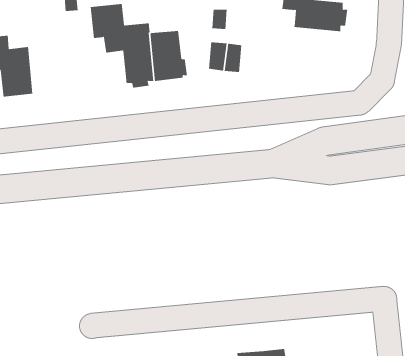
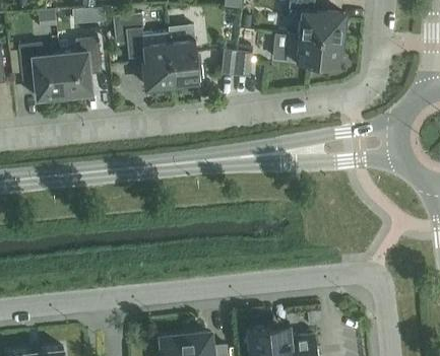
building: none -> [286,34,341,70]
building: none -> [60,38,102,96]

